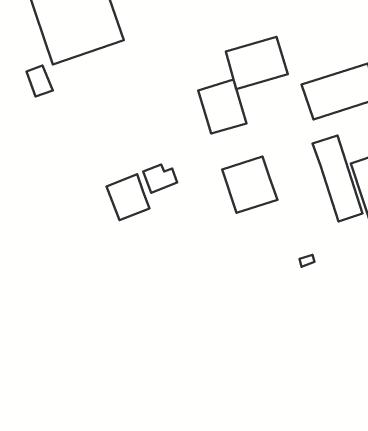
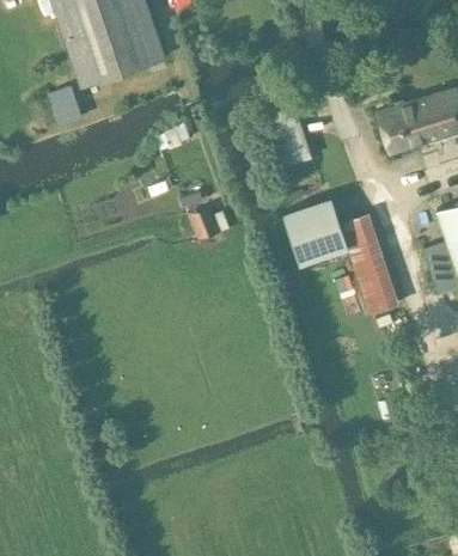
building: [226,37,288,89] -> none
building: [312,135,363,222] -> [338,213,398,316]
building: [106,174,150,220] -> none

